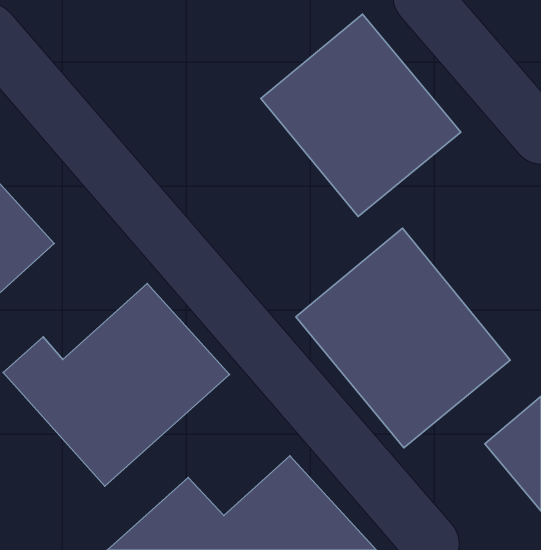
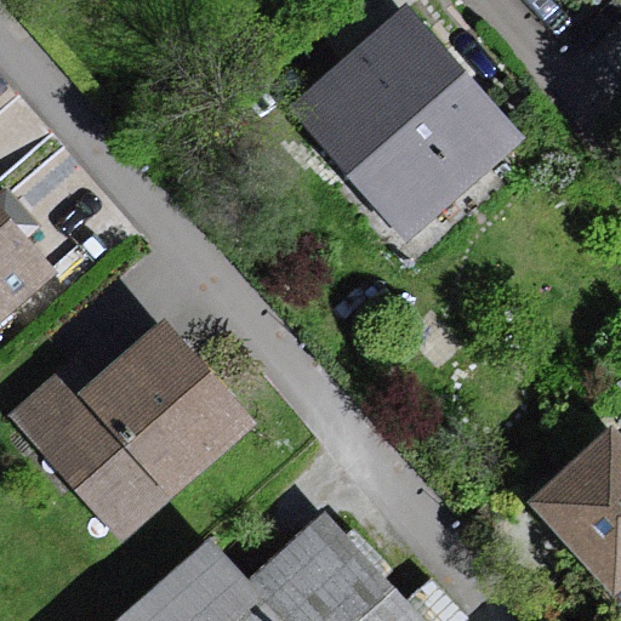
building: [296,228,510,448] -> none

